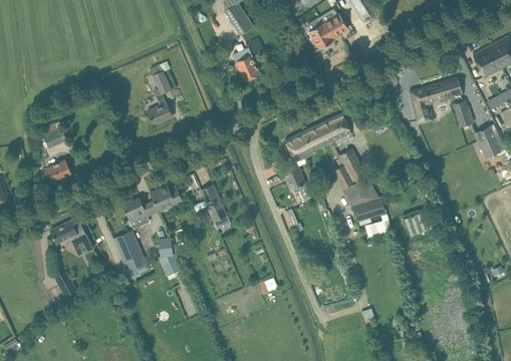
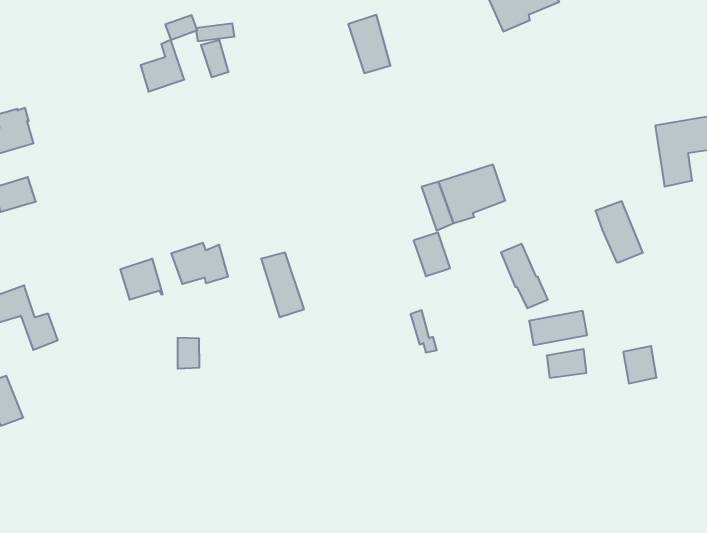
building: [148,96,173,126] -> [141,40,184,92]
building: [322,113,351,142] -> none
building: [338,148,367,183] -> [595,201,643,262]
building: [113,231,146,270] -> none

